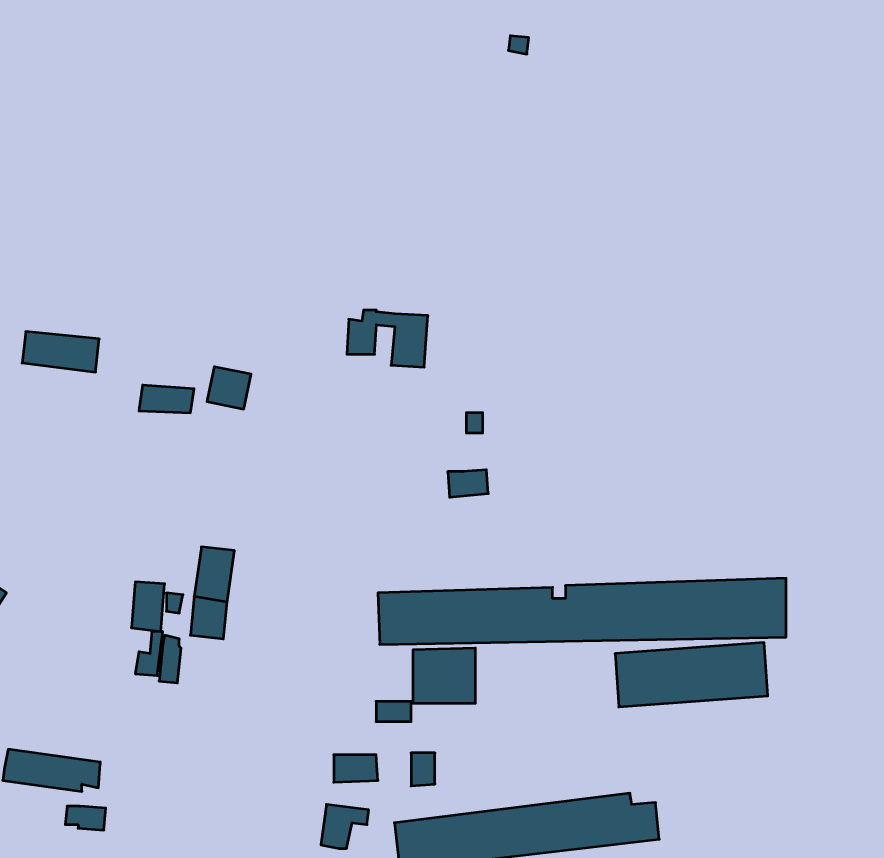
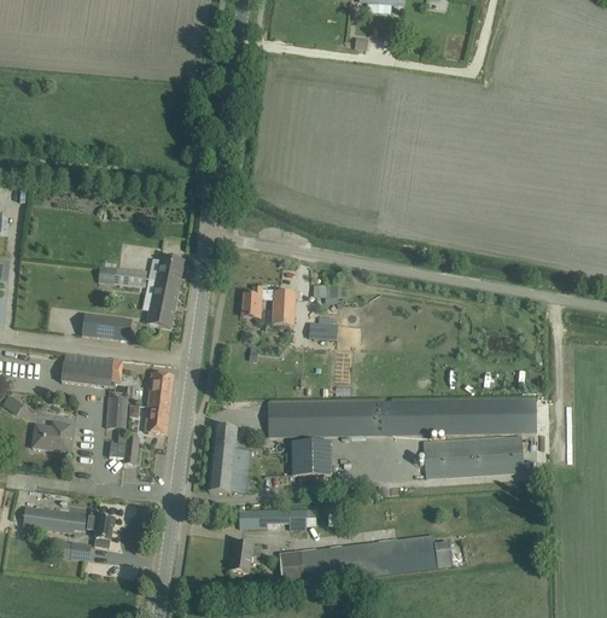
building: [347,310,428,367] -> [241,287,294,325]
building: [22,332,99,372] -> [81,314,132,340]
building: none -> [146,278,179,327]
building: none -> [60,352,122,386]
building: none -> [31,421,70,451]
building: none -> [208,425,249,494]
building: none -> [88,515,113,548]

